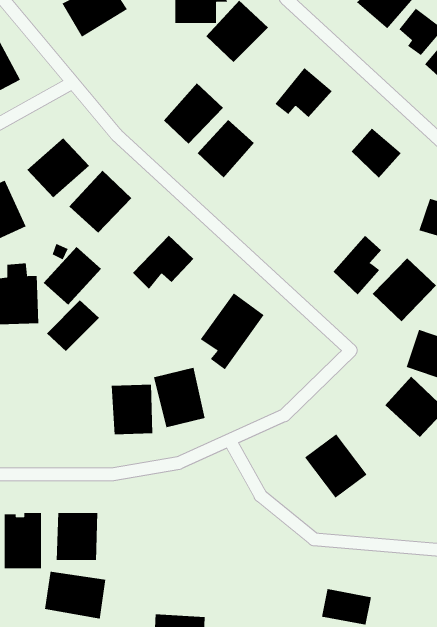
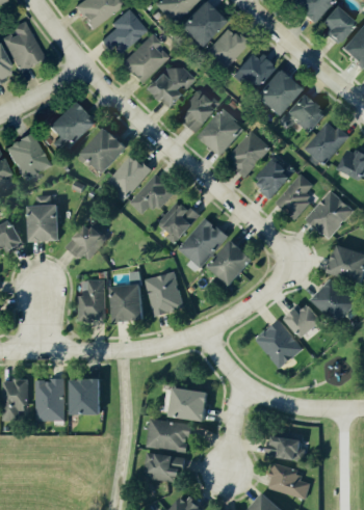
building: none -> [102,9,147,58]
building: none -> [207,27,250,69]
building: none -> [121,34,168,84]
building: none -> [259,71,304,115]
building: none -> [200,108,245,155]
building: none -> [303,122,348,165]
building: none -> [225,131,269,176]
building: none -> [253,155,293,199]
building: [43,246,102,305] -> [106,154,150,197]
building: none -> [156,198,198,244]
building: none -> [209,239,256,286]
building: none -> [77,278,104,323]
building: none -> [283,303,323,339]
building: none -> [172,387,210,421]
building: [44,571,106,619] -> [146,418,191,453]

